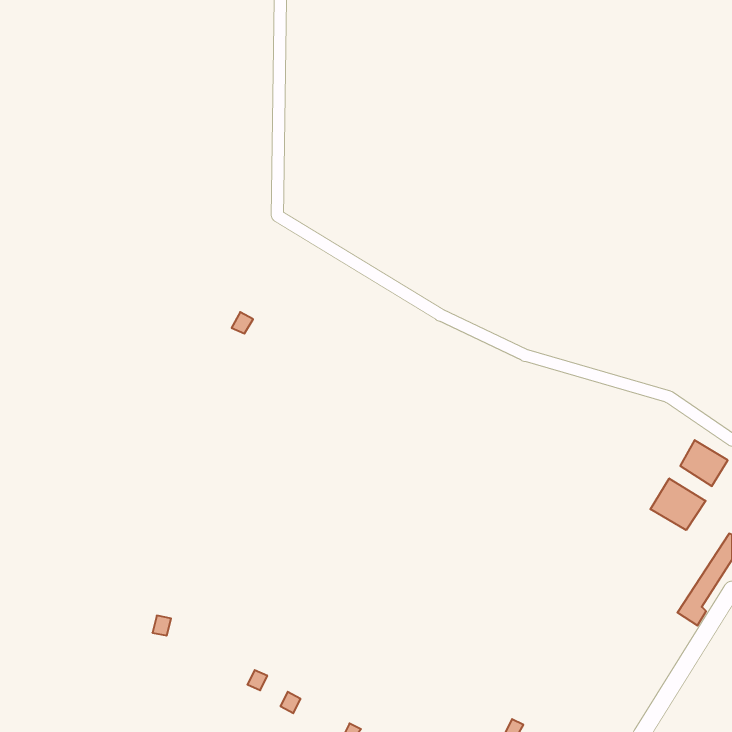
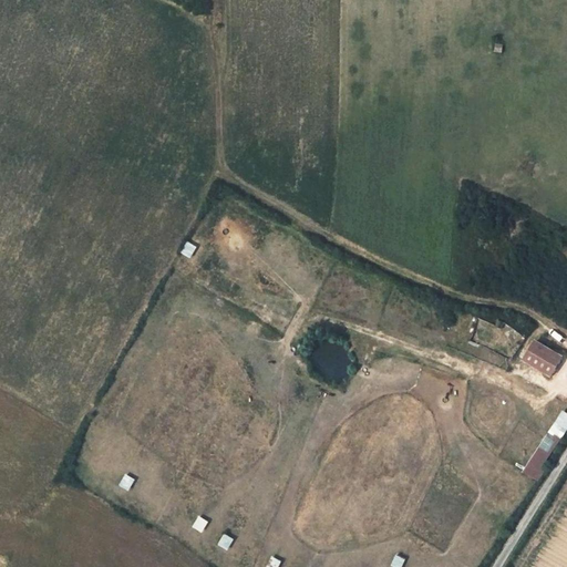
building: [650,478,706,530] -> none

